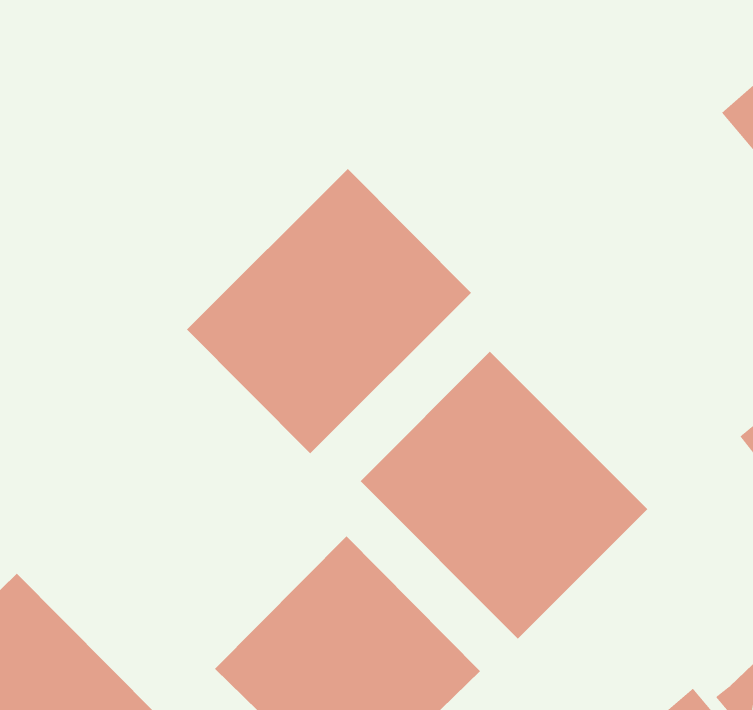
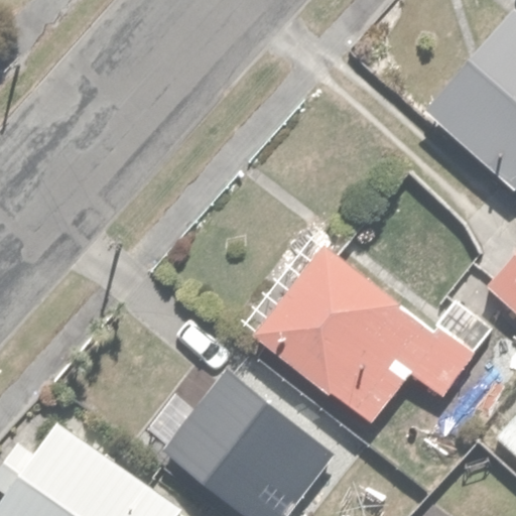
building: [186,168,472,454] -> none

